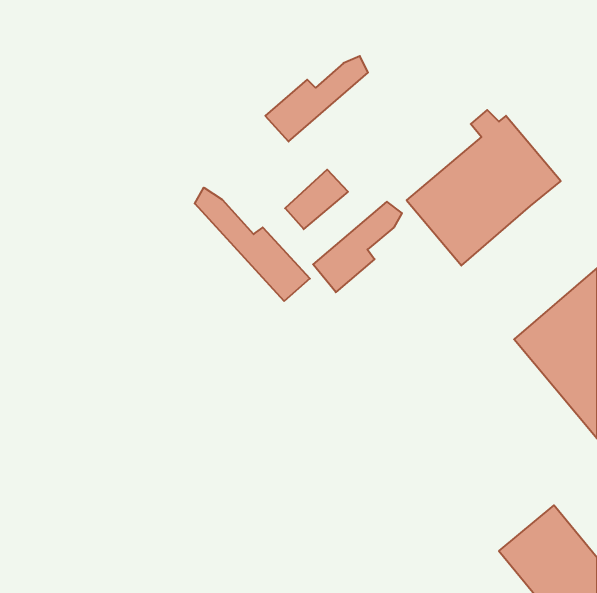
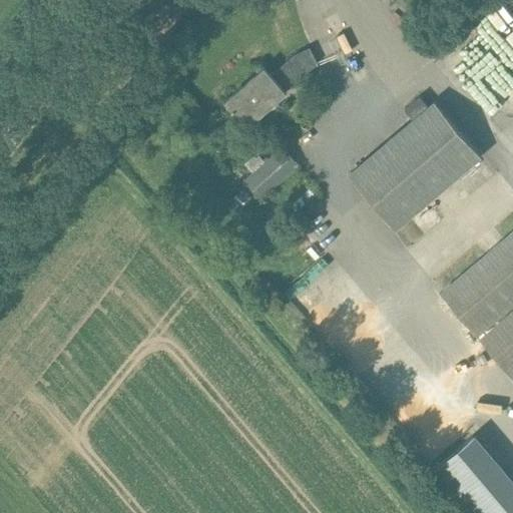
building: [195,188,310,301] -> none
building: [313,202,402,292] -> none

